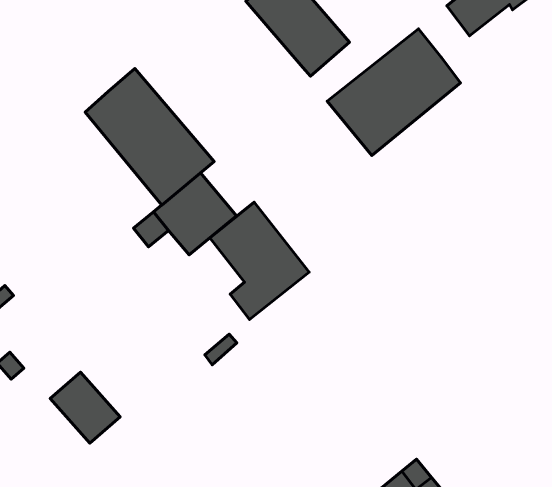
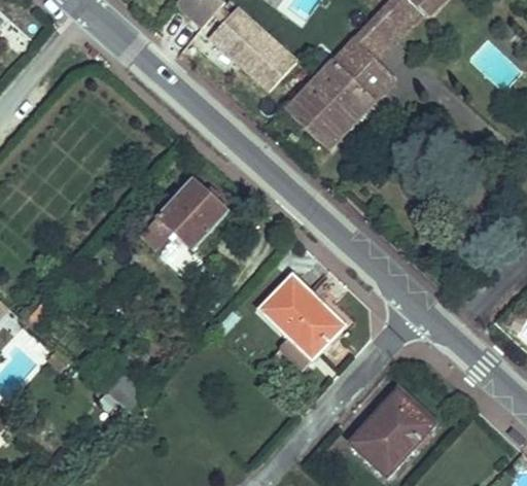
building: none -> [351,18,393,60]
building: [85,69,214,205] -> none
building: [210,202,309,320] -> [259,273,344,369]

